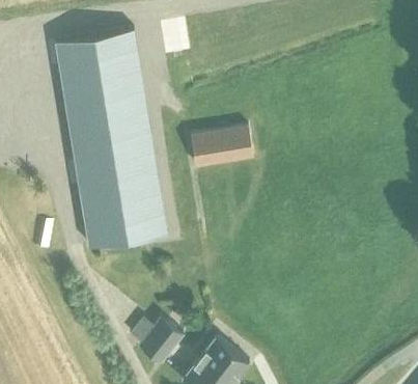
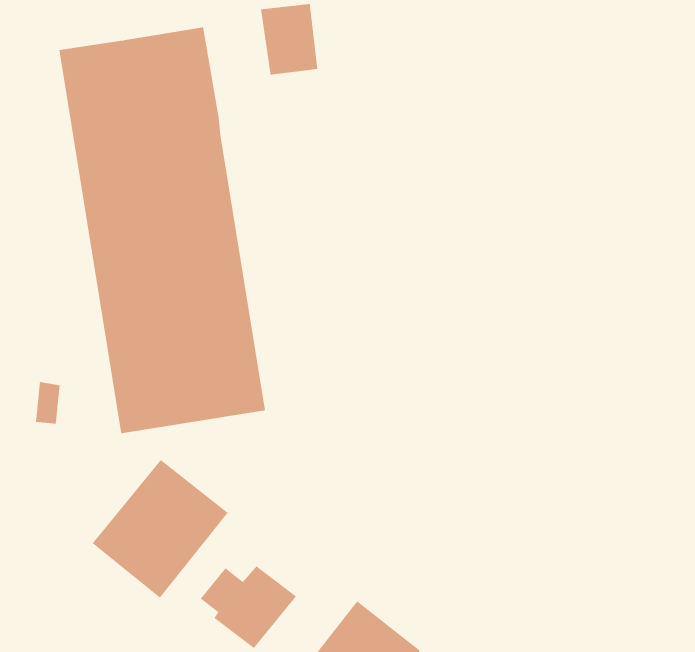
building: [191,127,254,167] -> none
building: none -> [92,459,228,599]

